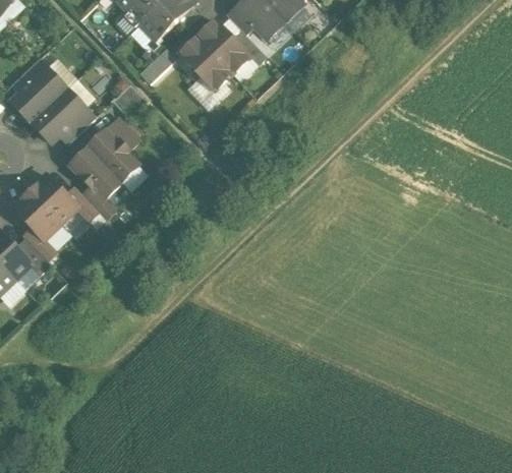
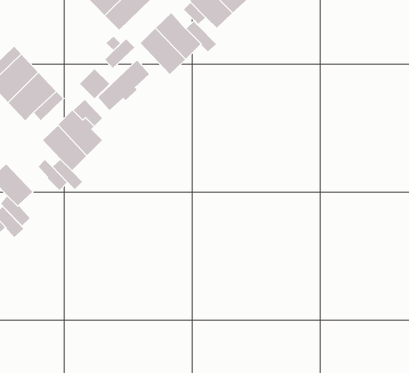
building: none -> [97,60,150,111]
building: [30,174,76,222] -> none

